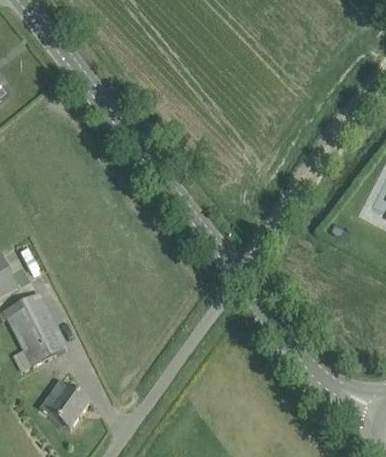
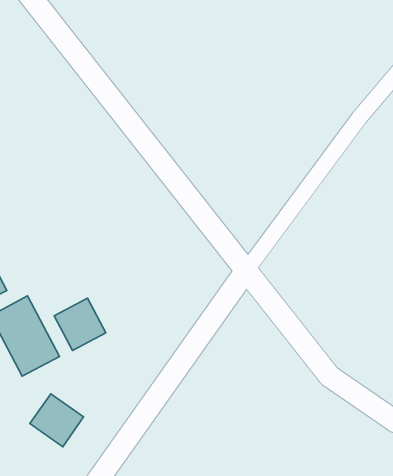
building: none -> [54,298,106,350]

